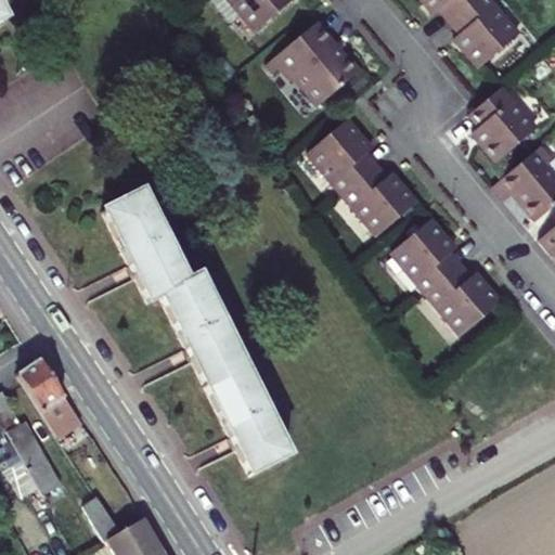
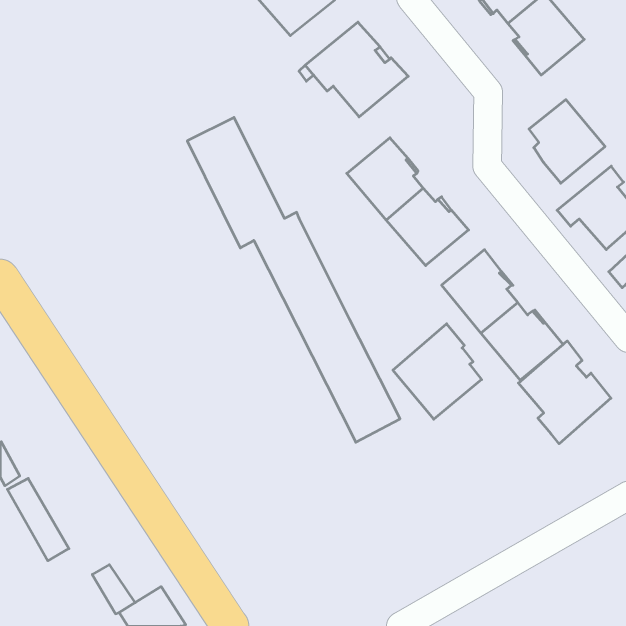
building: [102,190,289,476] -> [187,117,400,442]
building: none -> [393,324,482,419]
building: none -> [518,341,611,444]
building: [17,358,81,436] -> none

